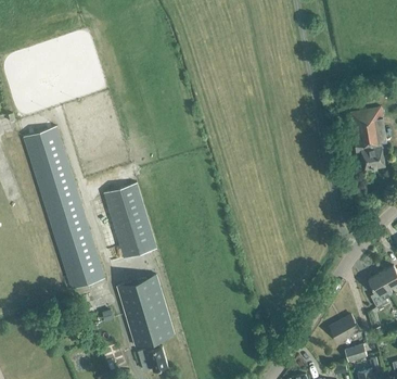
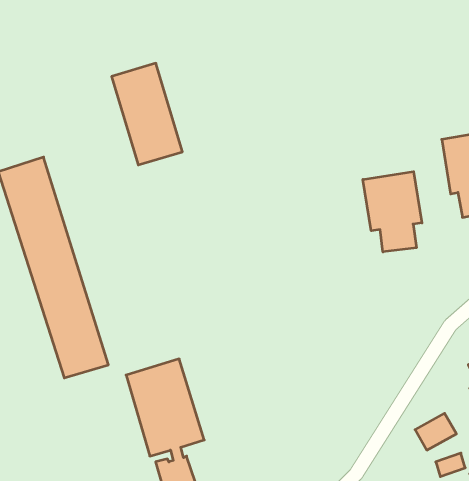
building: none -> [363,172,422,252]
building: [104,184,156,258] -> [112,63,182,165]

